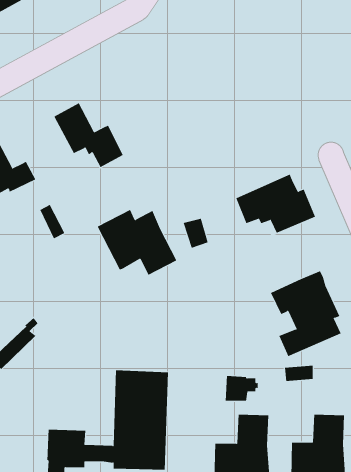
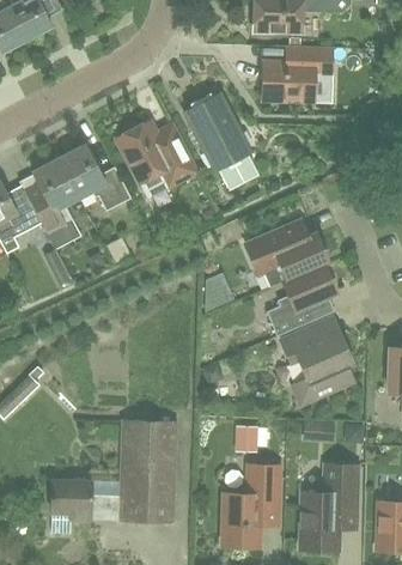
building: none -> [262,47,330,102]
building: none -> [182,92,256,188]
building: none -> [30,159,78,233]
building: [97,209,177,276] -> [114,121,196,189]
building: none -> [266,262,335,336]

